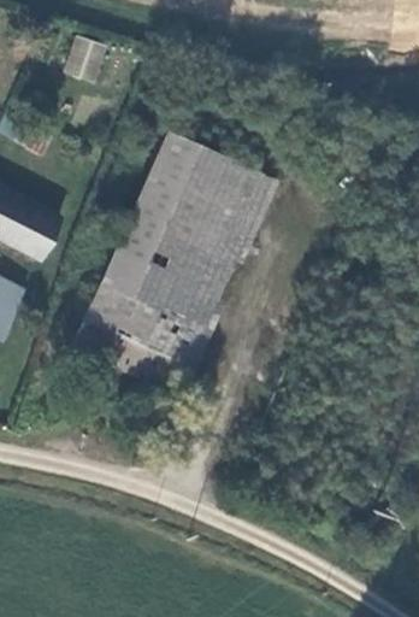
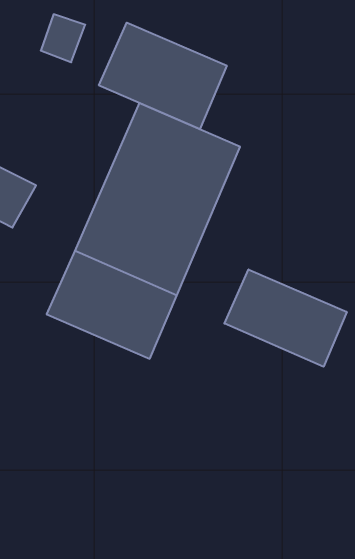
building: none -> [99,23,227,129]
building: none -> [224,269,347,367]

